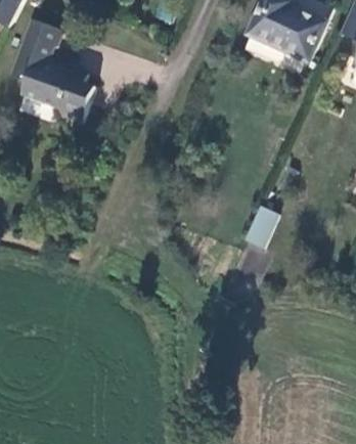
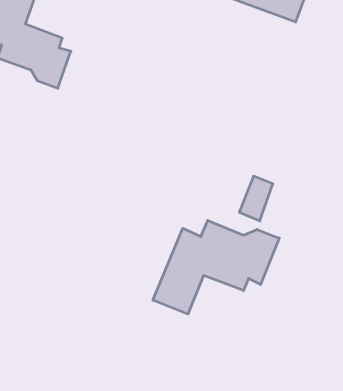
building: none -> [153,220,279,314]

